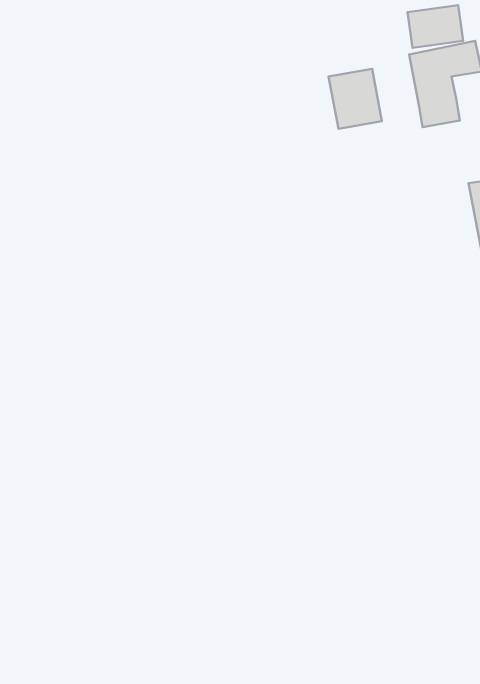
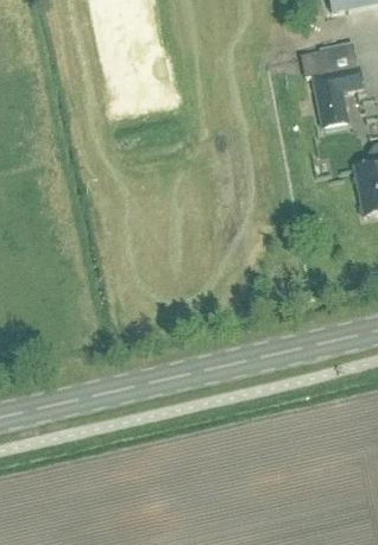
building: [329,69,382,129] -> none

